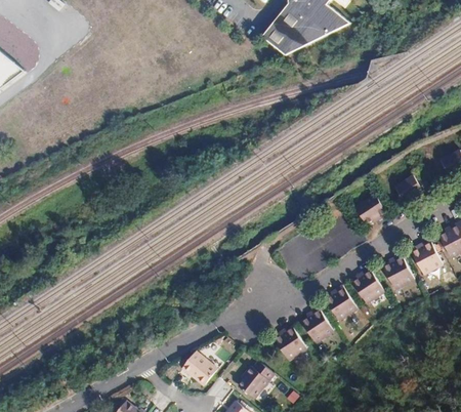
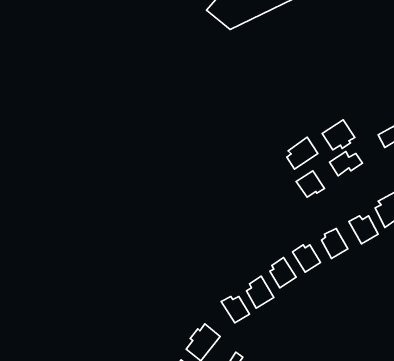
building: none -> [322,120,355,150]
building: none -> [287,137,318,169]
building: [180,351,217,386] -> none

